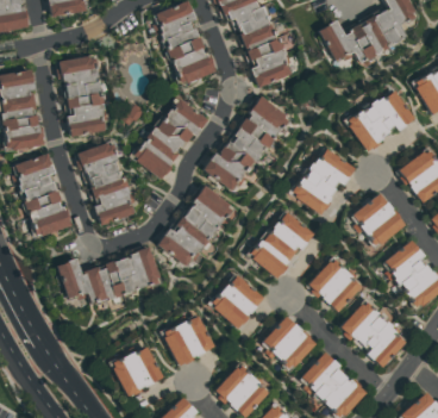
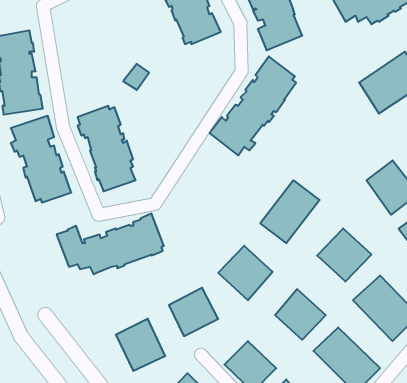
building: [58,56,105,136] -> none
building: [134,96,208,176] -> none
building: [295,150,352,211] -> none
building: [157,186,231,266] -> none

